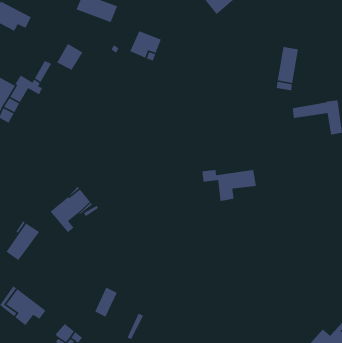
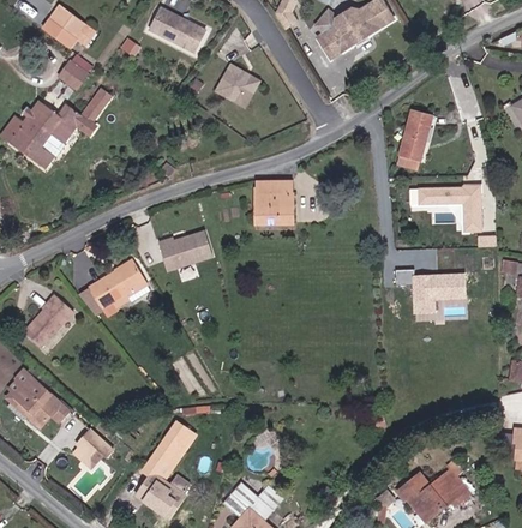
building: [56,43,83,71] -> [58,50,95,88]
building: none -> [254,178,293,222]
building: none -> [156,229,211,271]
building: [201,169,257,202] -> [395,268,464,311]
building: [94,286,118,318] -> [152,421,186,462]

